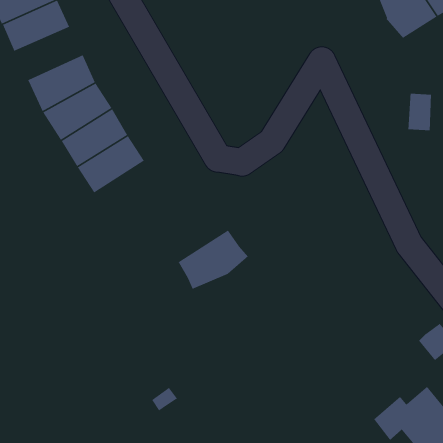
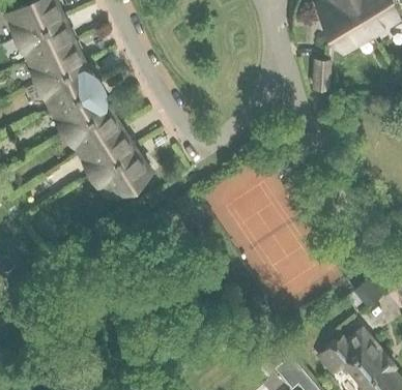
building: none -> [28,41,84,85]
building: [407,93,432,131] -> [308,59,327,90]
building: [174,230,249,290] -> [90,149,150,198]

